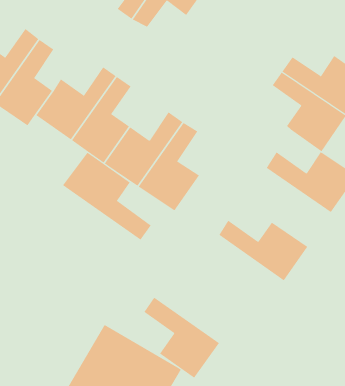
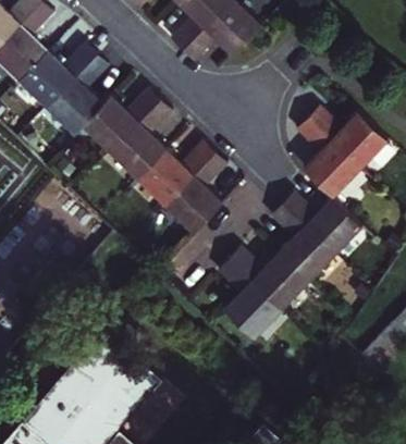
building: [62,152,151,241] -> none
building: none -> [268,207,332,285]
building: [143,297,220,379] -> [214,260,279,341]

